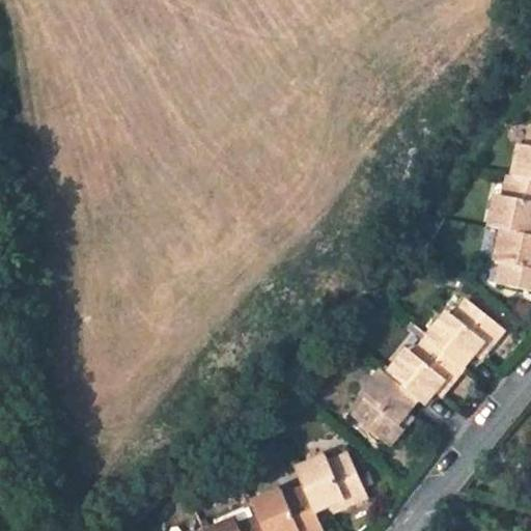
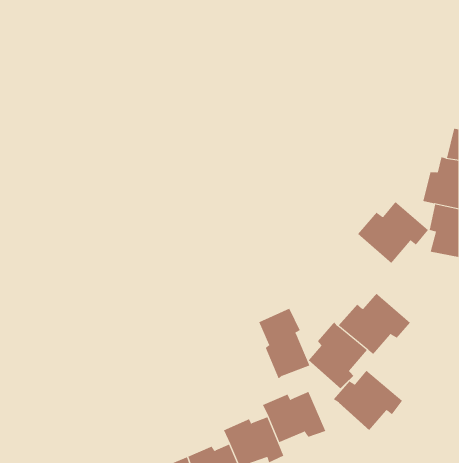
building: [428,299,510,370] -> [357,201,429,264]
building: none -> [259,308,310,379]
building: none -> [333,370,403,431]

